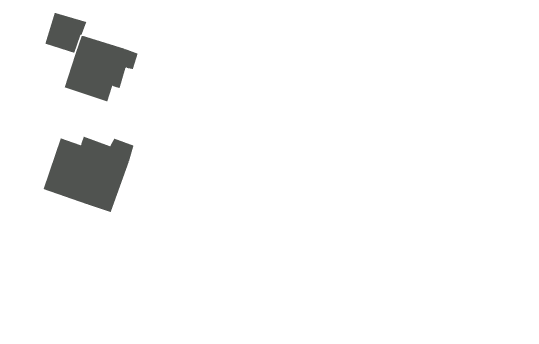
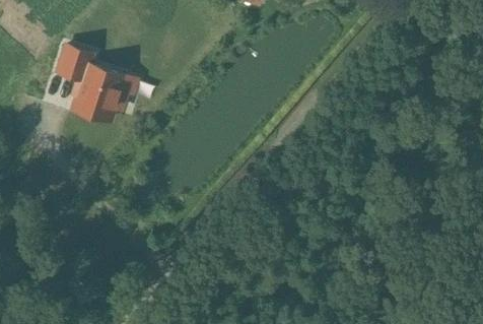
building: [43,136,134,213] -> none

